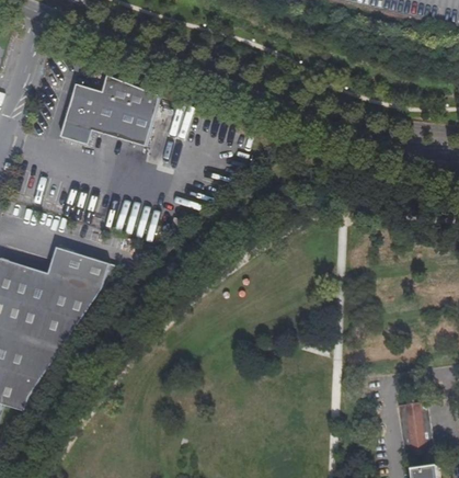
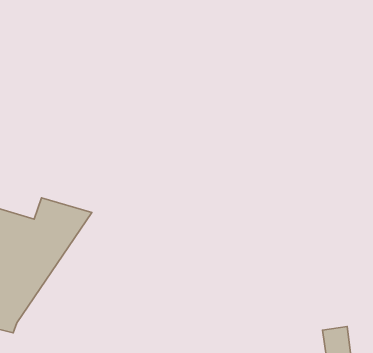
building: [58,75,158,145] -> none

